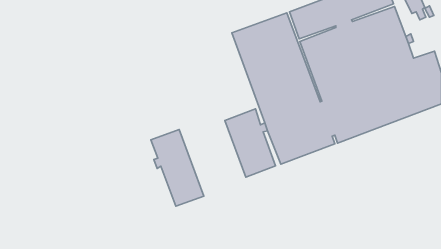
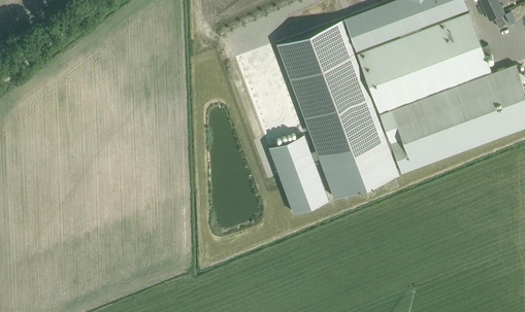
building: [151,130,204,206] -> none

